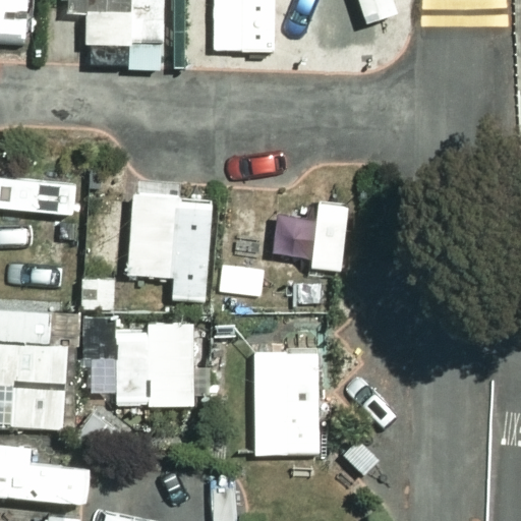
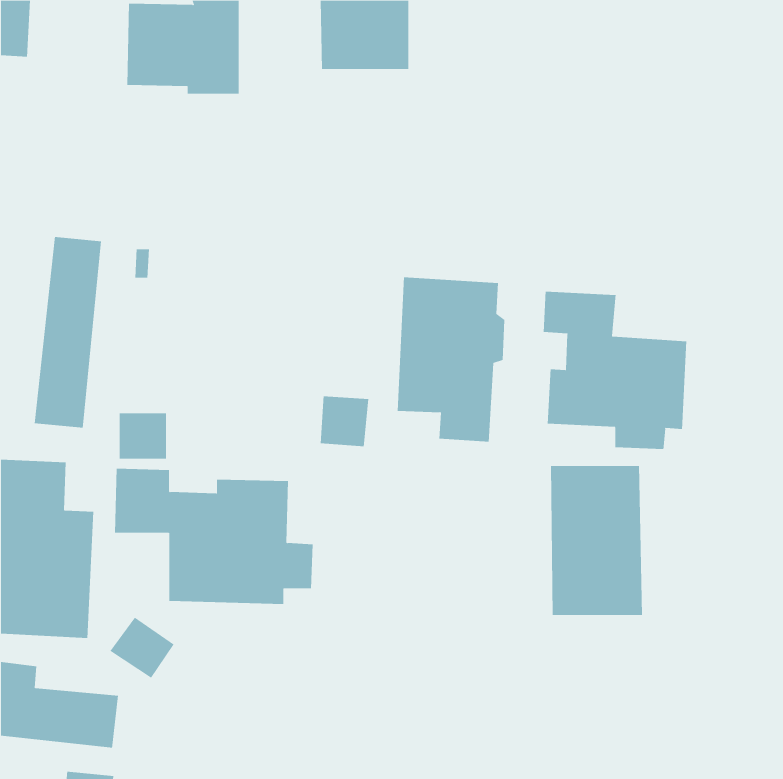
building: [127,192,210,301] -> none
building: none -> [543,291,687,450]
building: [256,353,317,452] -> [550,466,643,616]

